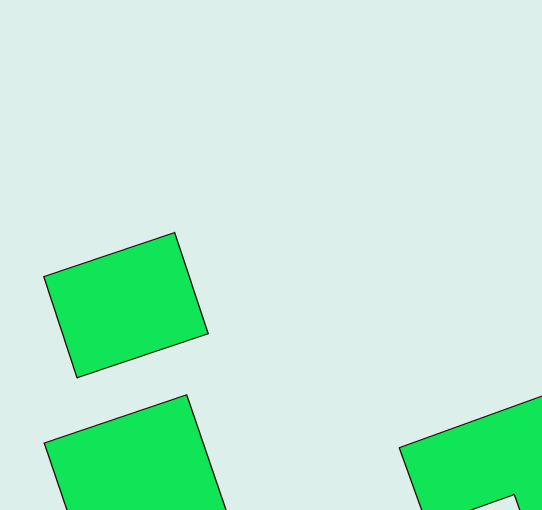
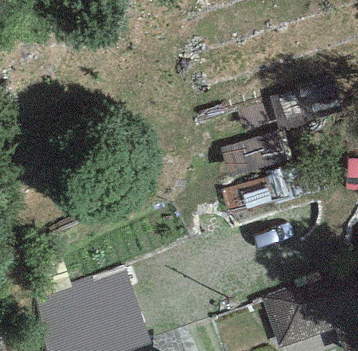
building: [44,232,208,378] -> none

